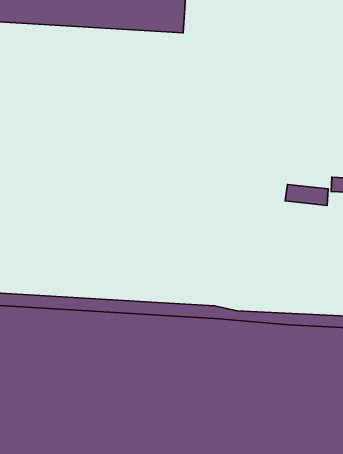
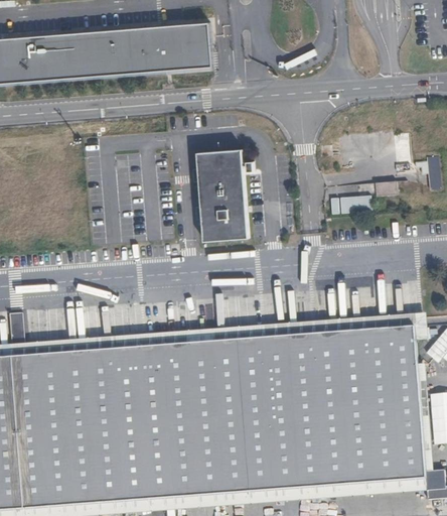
building: none -> [196,149,248,243]

